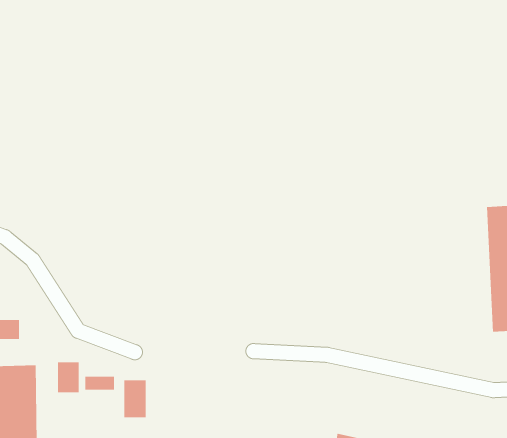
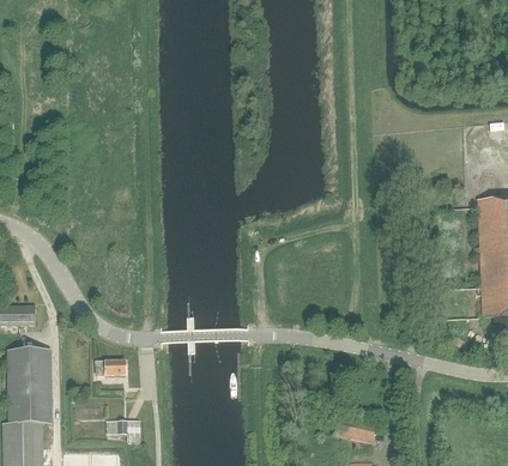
building: [58,362,79,393] -> none
building: [124,380,146,418] -> none

